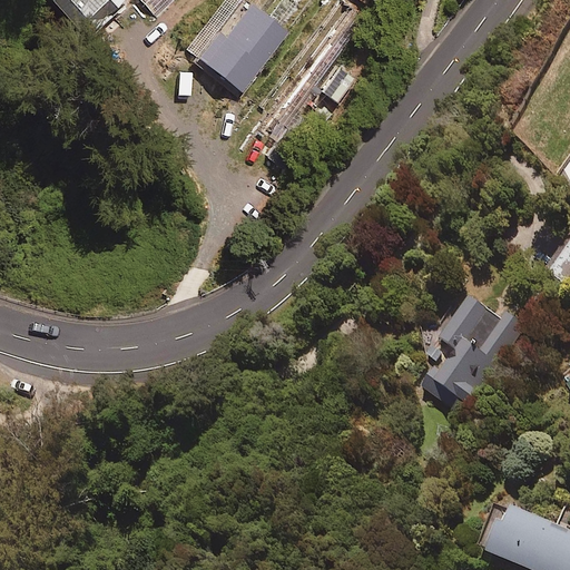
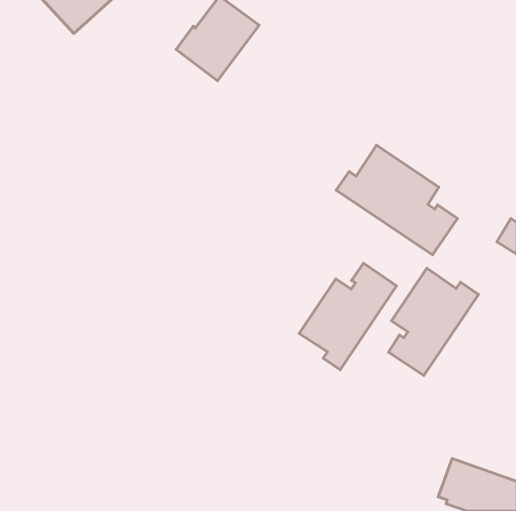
building: none -> [336,145,458,255]
building: none -> [299,263,397,370]

